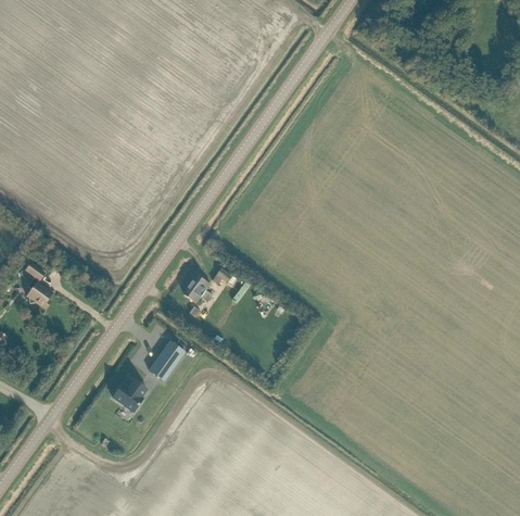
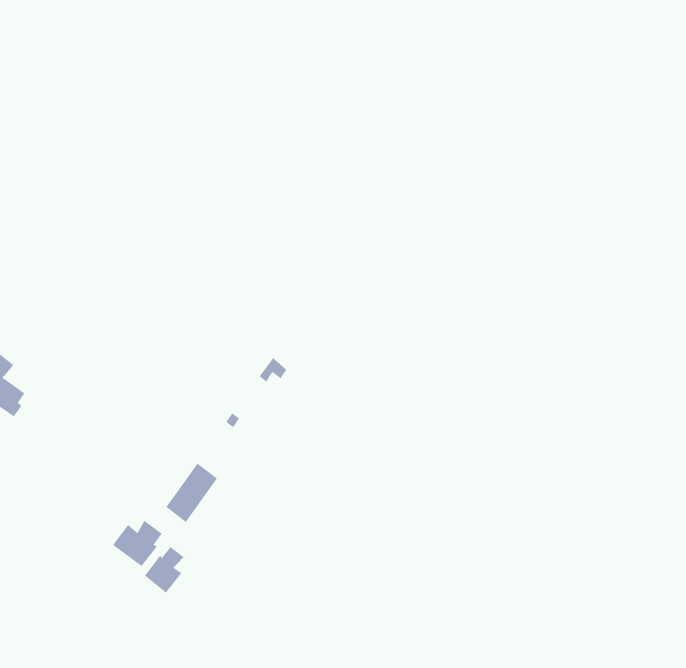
building: [182,274,212,302] -> none
building: none -> [144,546,186,594]

